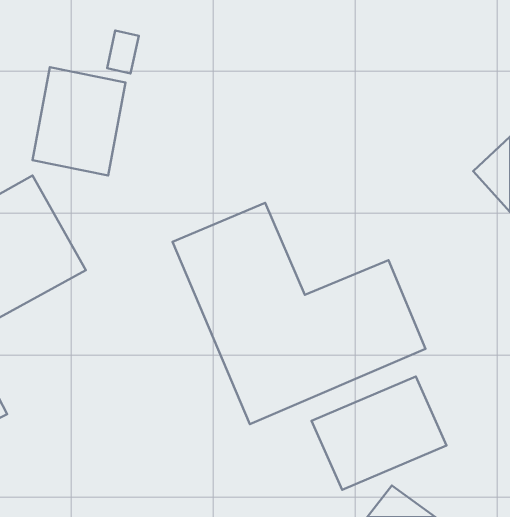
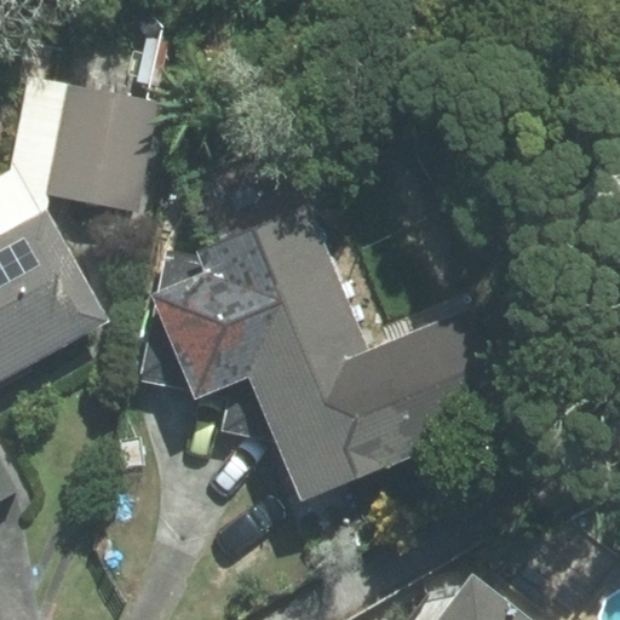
building: [311,377,447,490] -> none

